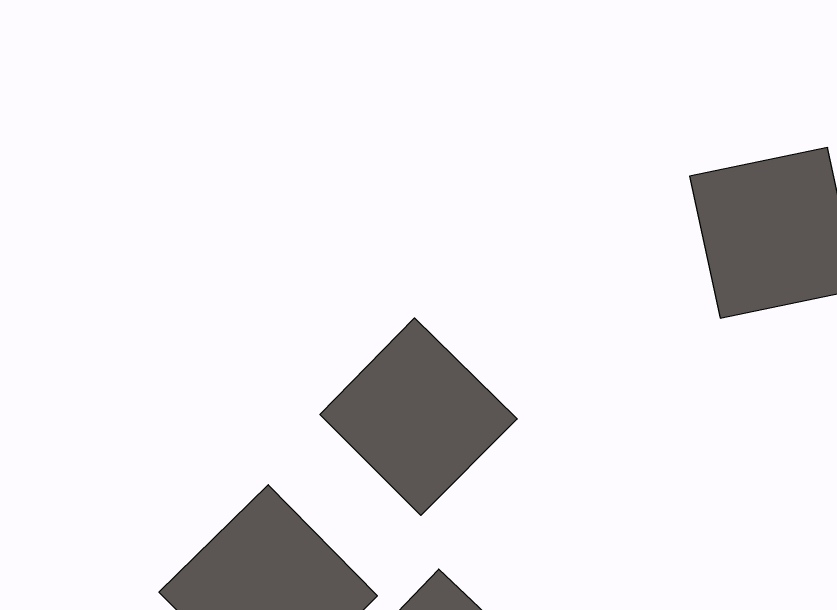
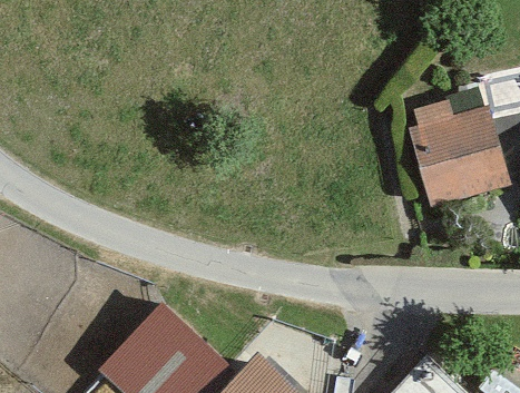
building: [320,318,517,515] -> none

